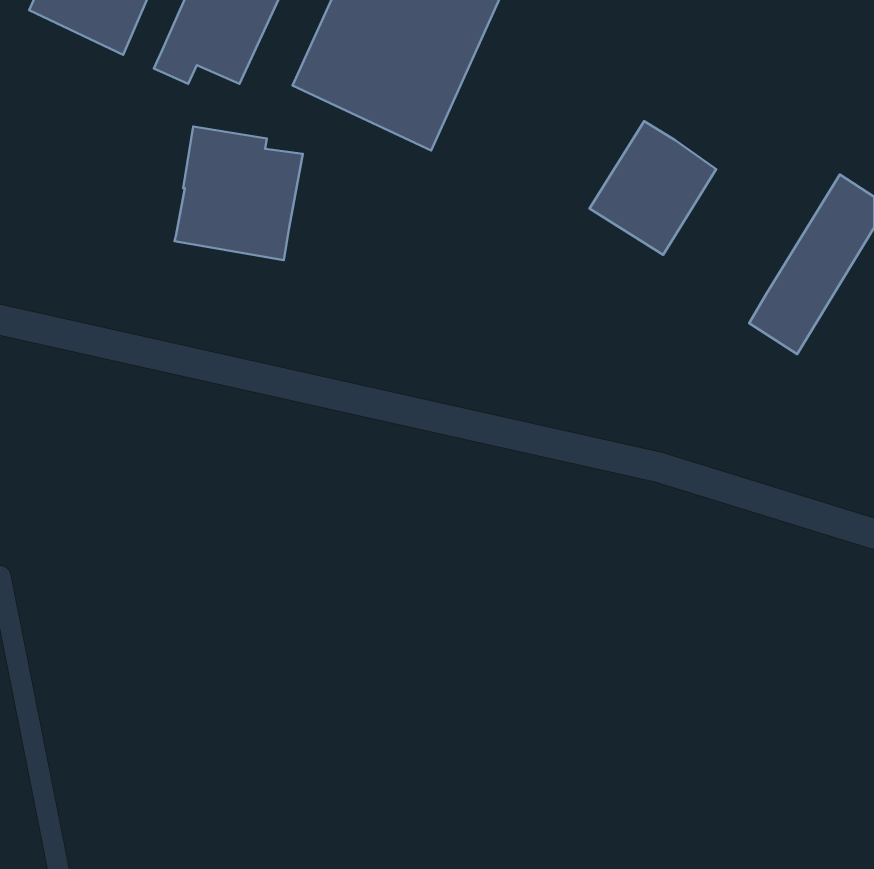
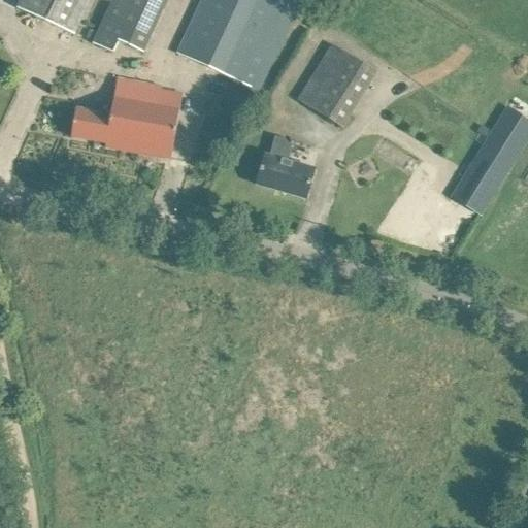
building: [590,121,716,255] -> [298,45,374,126]
building: none -> [71,107,111,141]
building: none -> [257,134,316,197]

